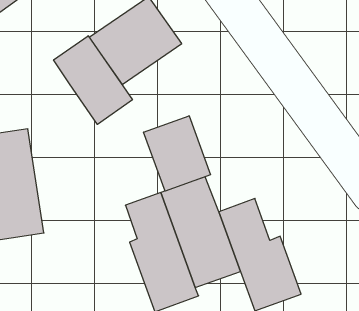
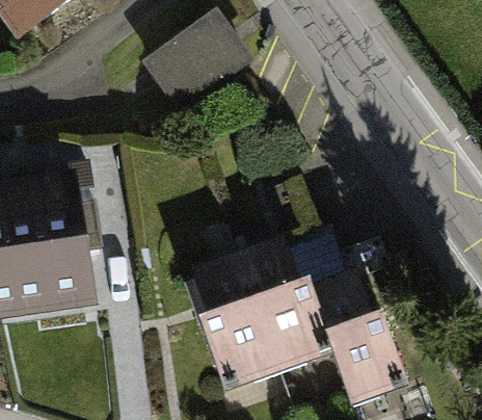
building: [54,36,132,124] -> none
building: [144,116,211,191] -> none

